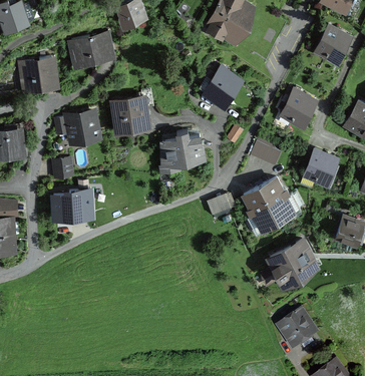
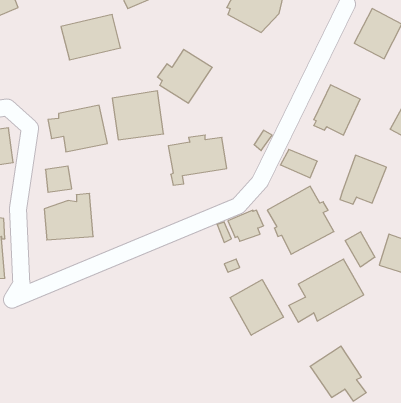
building: [19,55,63,93] -> none
building: [199,65,245,110] -> [157,49,212,103]
building: none -> [345,232,375,267]
building: none -> [230,280,283,335]

